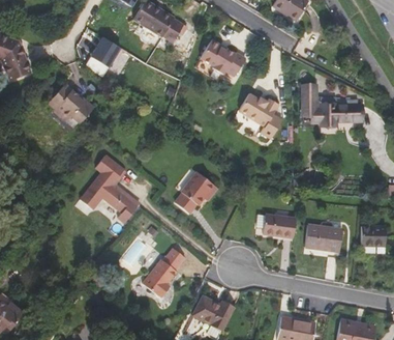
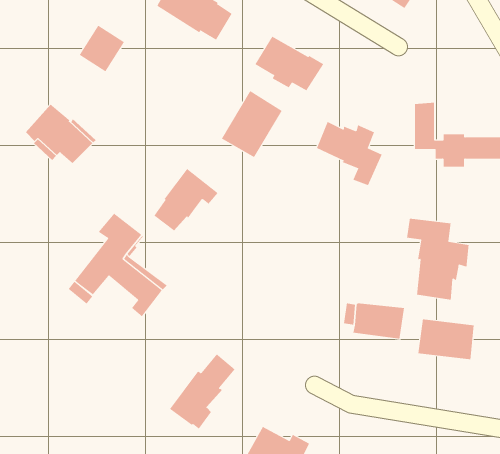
building: none -> [221,90,282,158]
building: none -> [406,218,469,300]
building: [176,171,218,212] -> [154,168,218,231]

